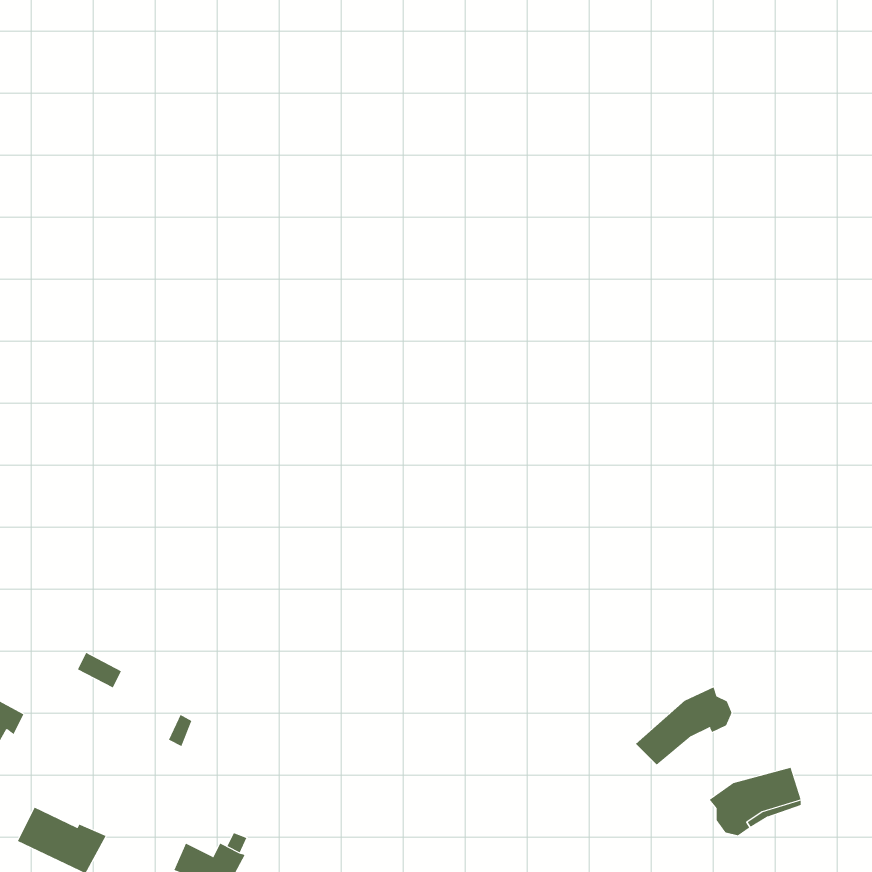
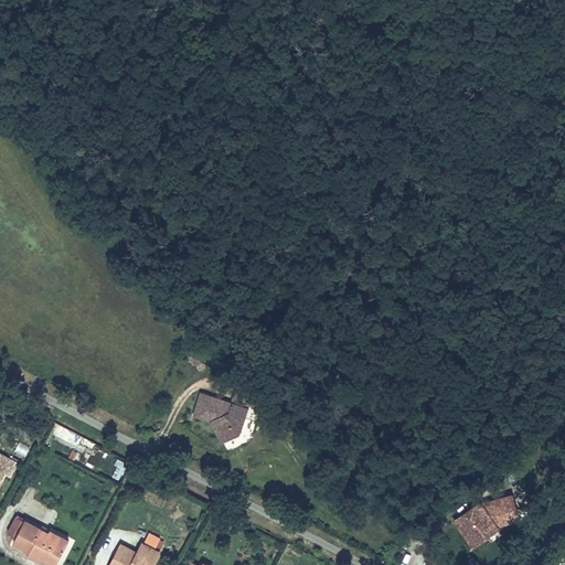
building: none -> [191,394,260,447]
building: [635,687,732,766] -> none

